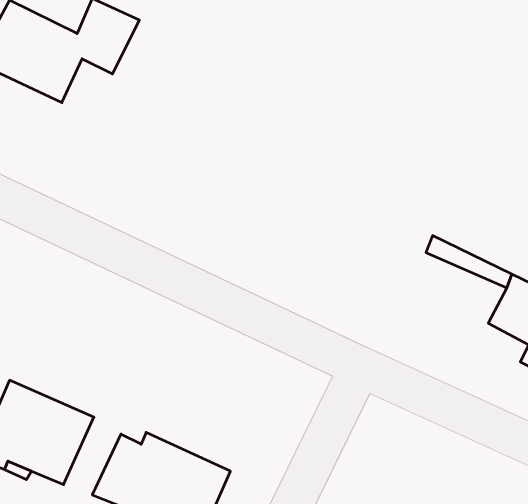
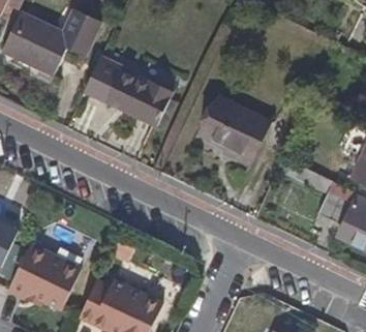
building: none -> [86,59,173,125]
building: none -> [204,98,269,163]

